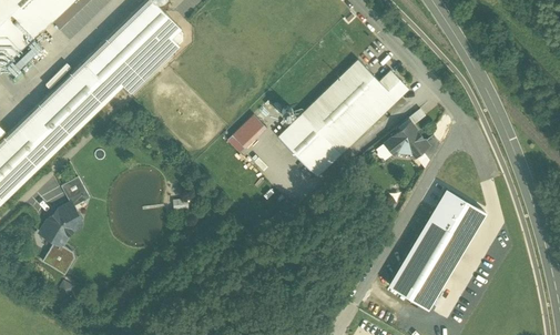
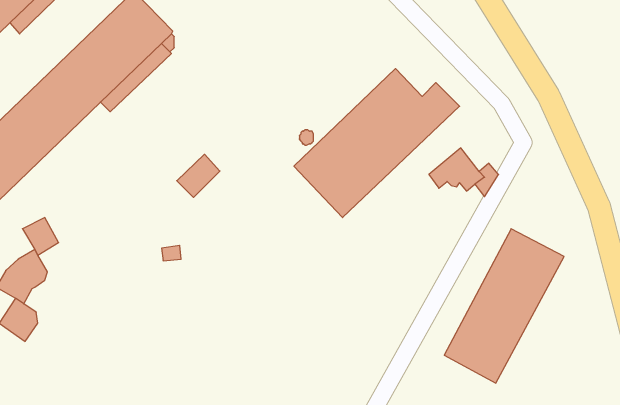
building: [230,114,264,149] -> [177,154,220,197]

